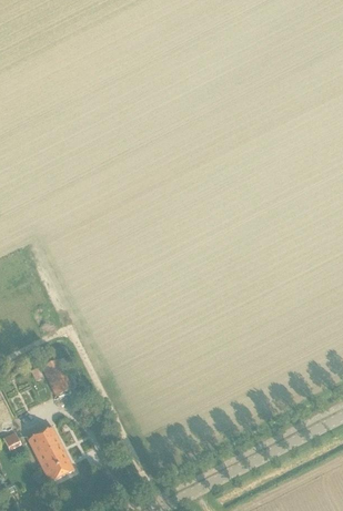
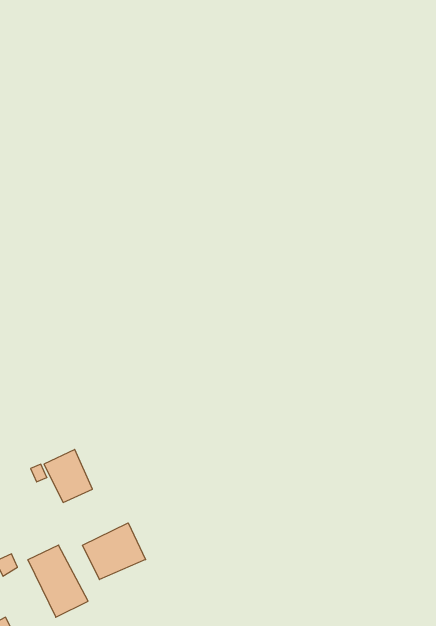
building: none -> [82,523,146,580]

